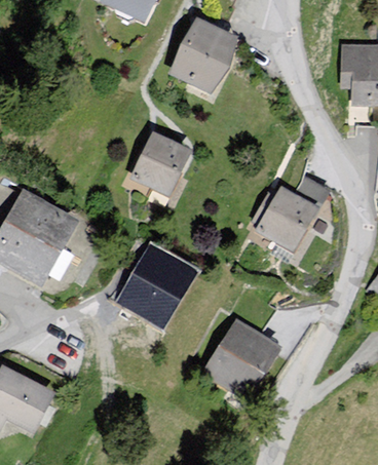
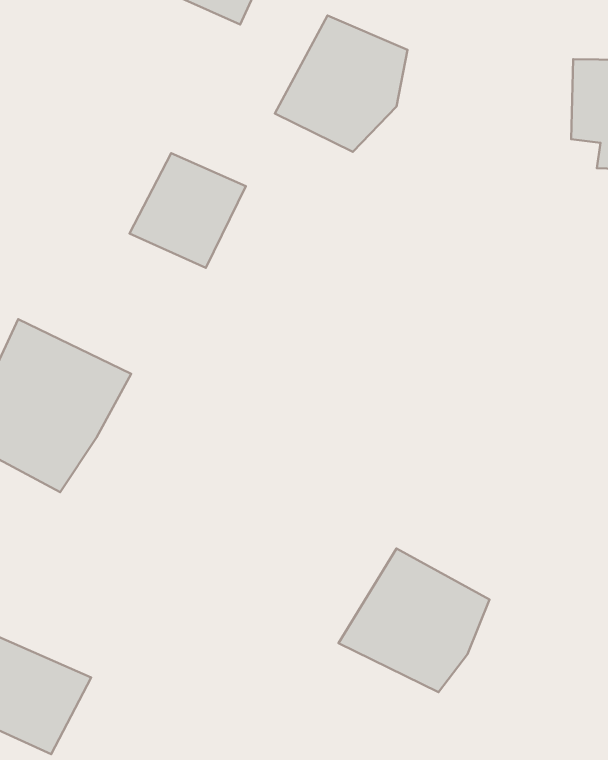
building: [124,131,190,196] -> [129,153,246,268]
building: [255,185,324,253] -> none
building: [110,243,202,330] -> none

